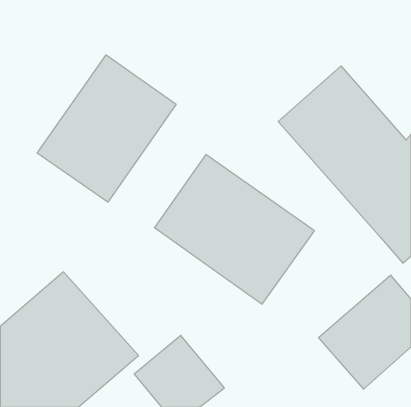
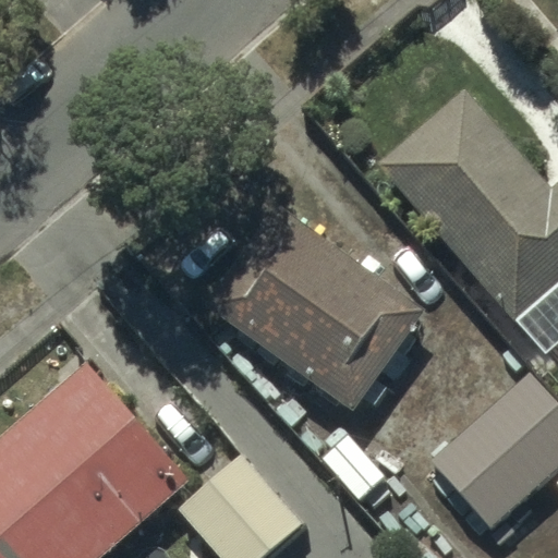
building: [37,55,176,202] -> none

